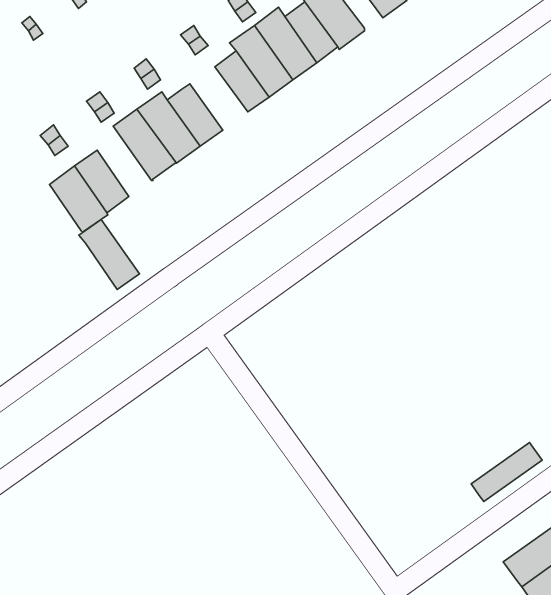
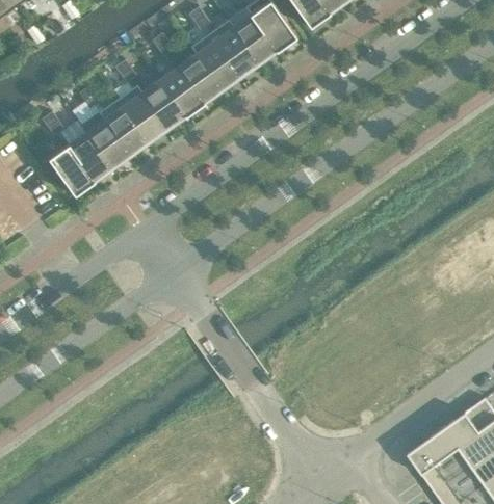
building: none -> [160,65,207,116]
building: [79,219,140,290] -> [82,112,130,167]
building: [471,443,542,501] -> none

